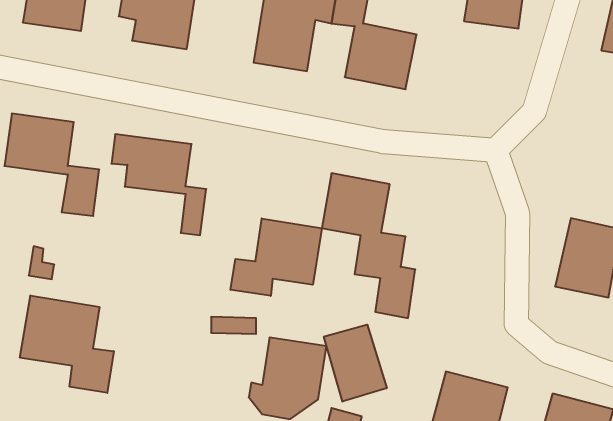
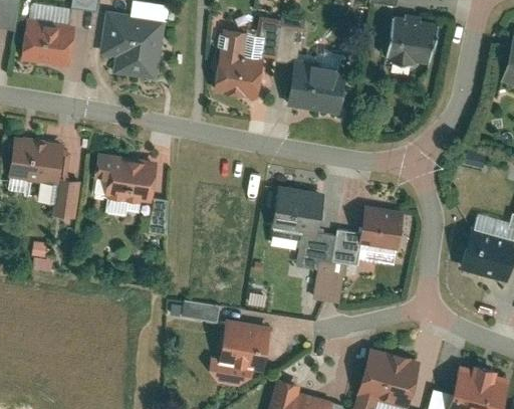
building: none -> [334,207,403,264]
building: [231,218,322,296] -> none
building: [20,295,114,393] -> none
building: [324,325,387,402] -> none

